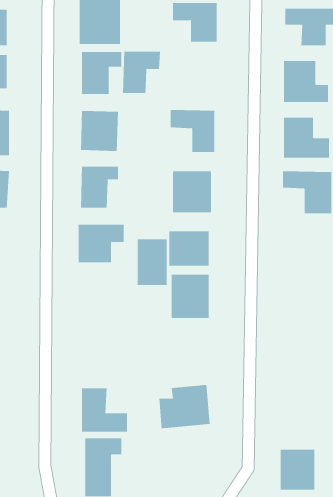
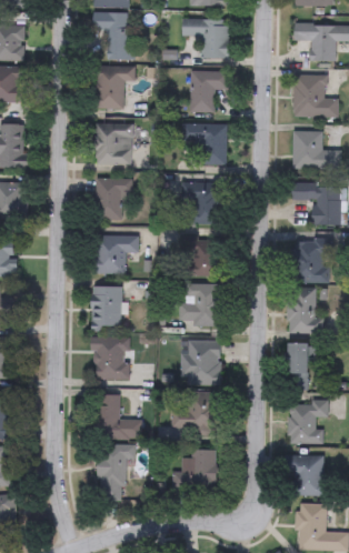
building: [122,51,161,93] -> [191,70,229,111]
building: none -> [293,239,330,282]
building: [137,239,168,285] -> [92,285,122,331]
building: none -> [288,288,323,333]
building: none -> [92,336,130,379]
building: none -> [183,340,221,384]
building: none -> [288,342,310,389]
building: none -> [288,400,329,443]
building: none -> [173,449,217,490]

